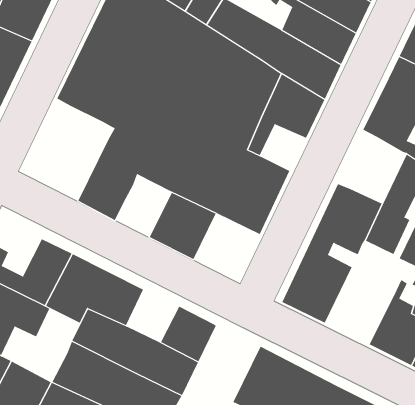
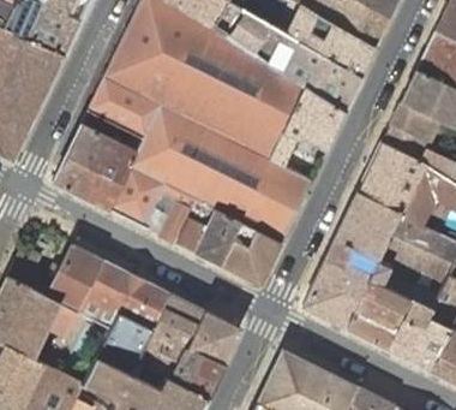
building: none -> [53,111,142,209]
building: none -> [356,141,422,212]
building: none -> [143,184,197,244]
building: none -> [218,221,282,286]
building: none -> [344,251,416,347]
building: none -> [154,295,204,345]

